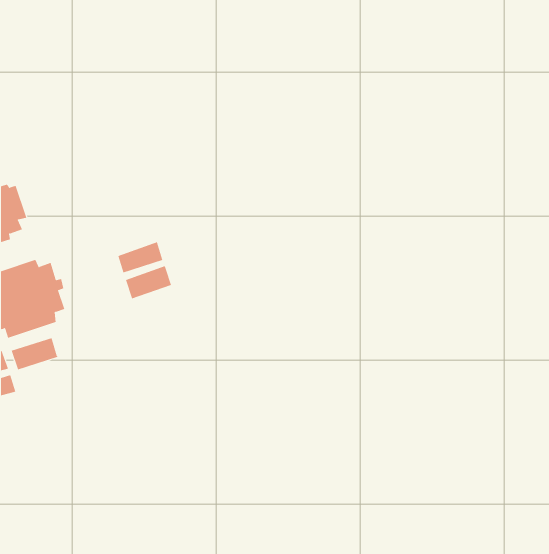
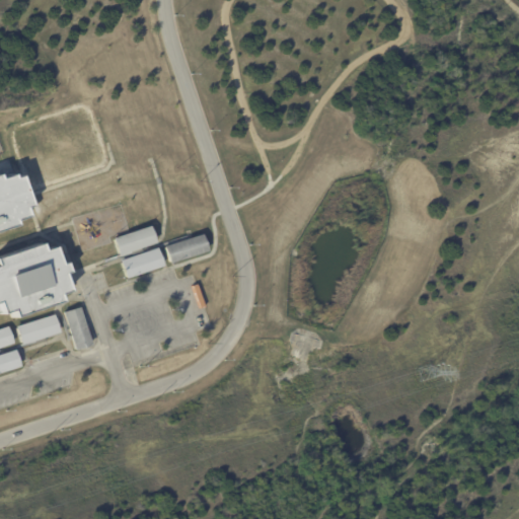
building: none -> [168,234,212,264]
building: none -> [64,307,91,350]

